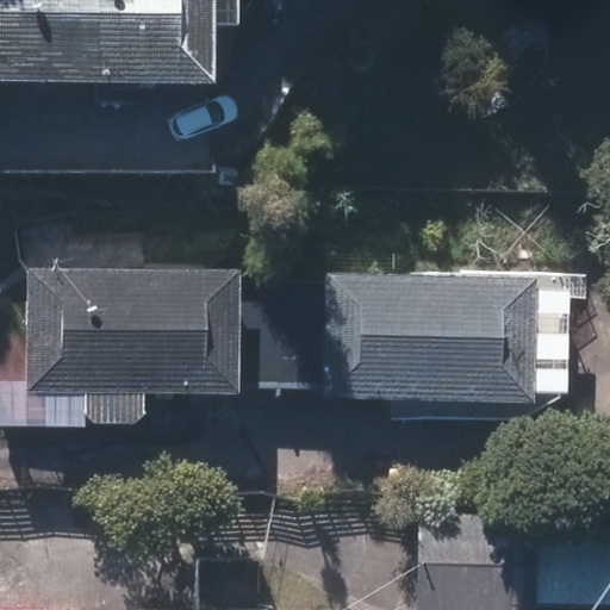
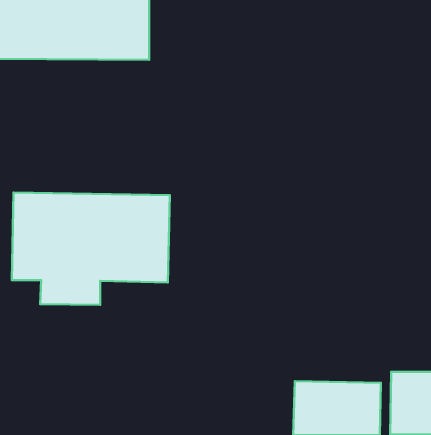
building: [324,274,542,400] -> none

